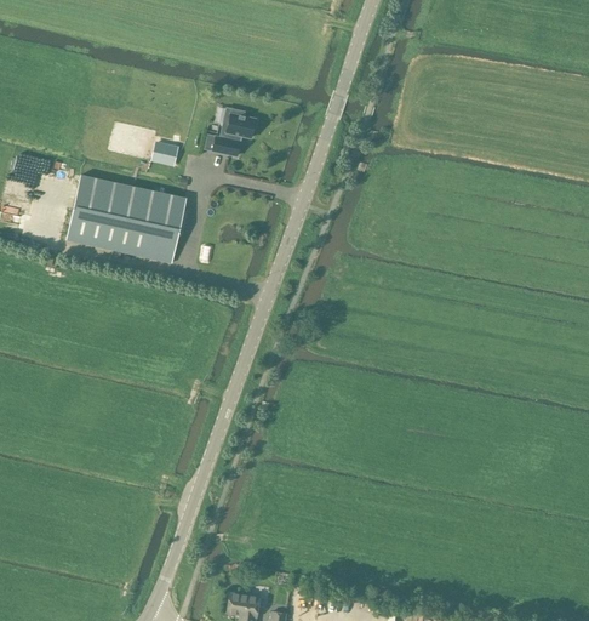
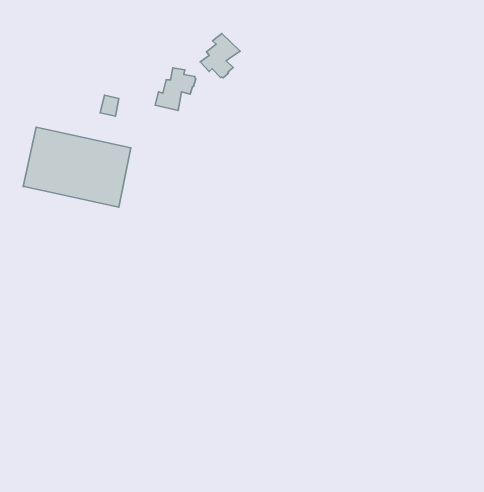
building: none -> [200,33,240,78]

